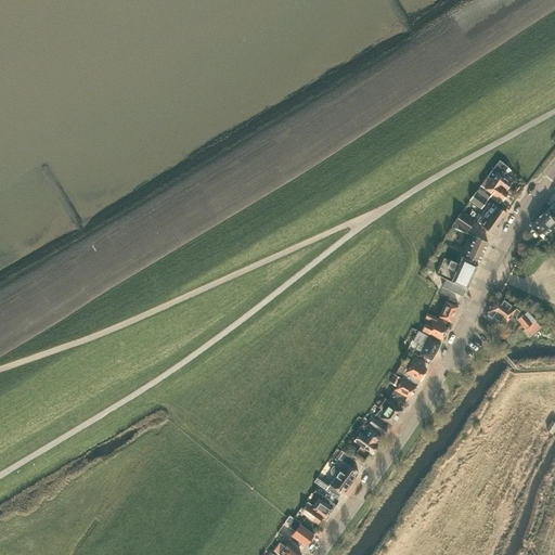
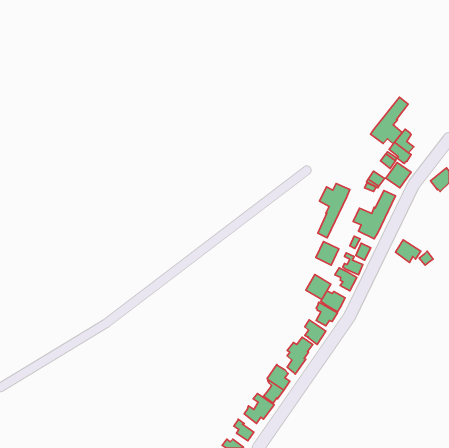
building: none -> [371,97,408,144]
building: none -> [318,183,350,238]
building: none -> [316,241,339,265]
building: none -> [306,275,331,300]

